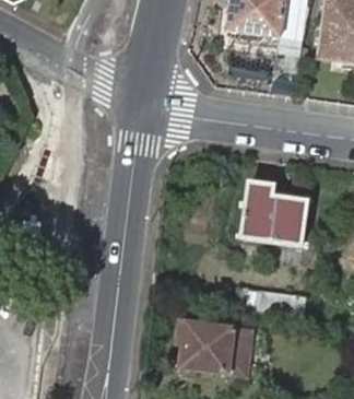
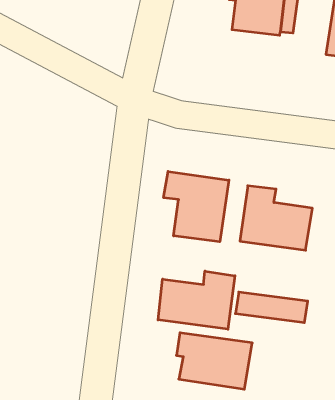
building: none -> [164,171,229,242]
building: none -> [158,271,235,329]

